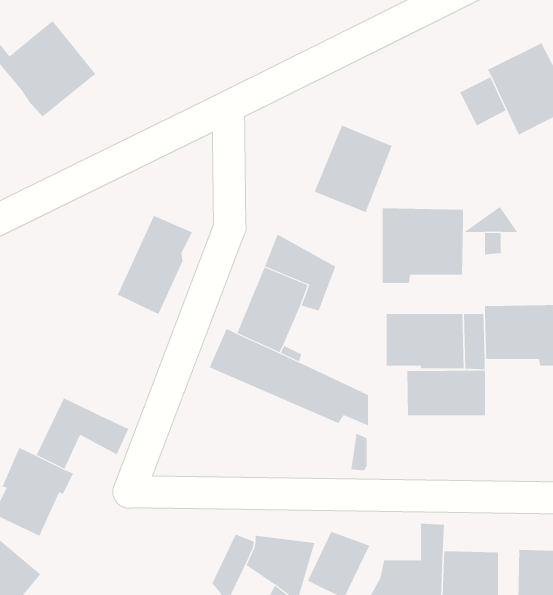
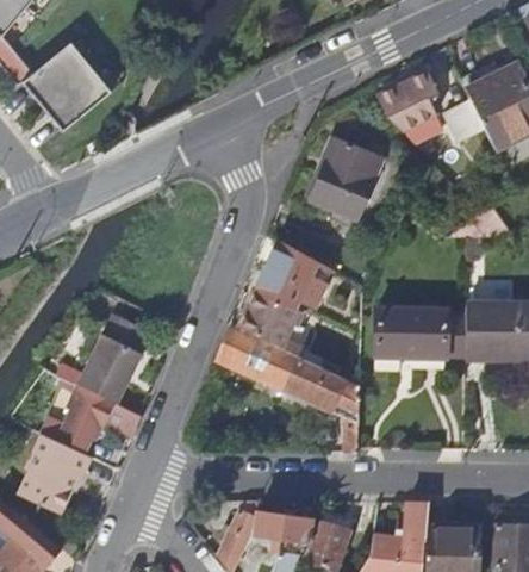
building: none -> [378,70,438,129]
building: [382,207,464,284] -> none
building: [117,215,193,315] -> [79,312,148,403]
building: [407,370,486,416] -> none

